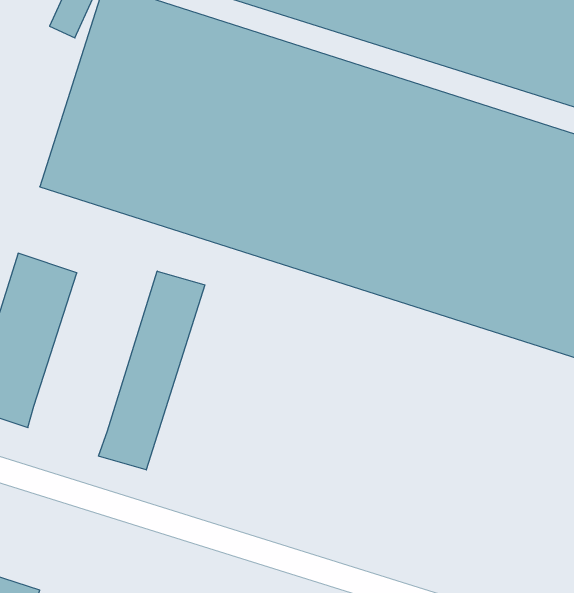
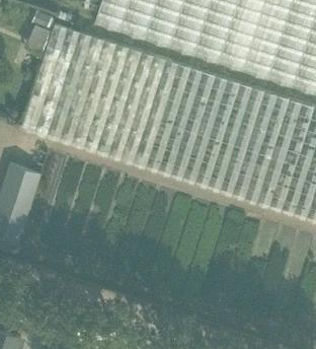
building: [99,271,205,470] -> none

